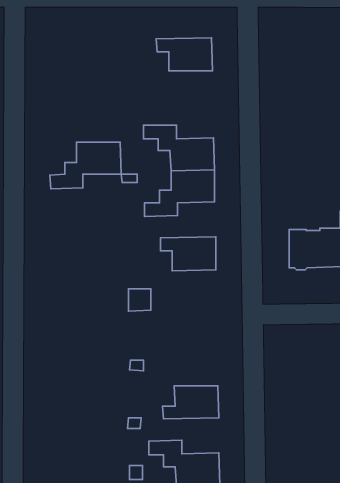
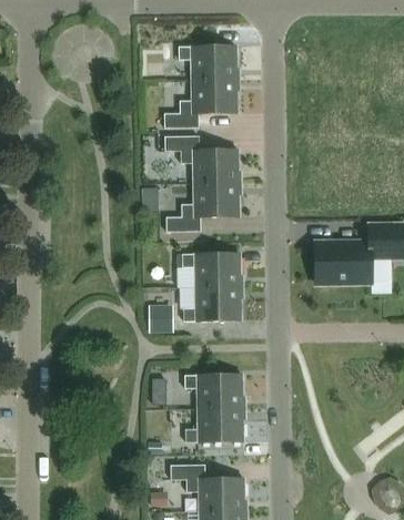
building: [50,142,121,189] -> [163,80,238,129]
building: none -> [183,287,241,322]
building: none -> [184,375,242,408]

